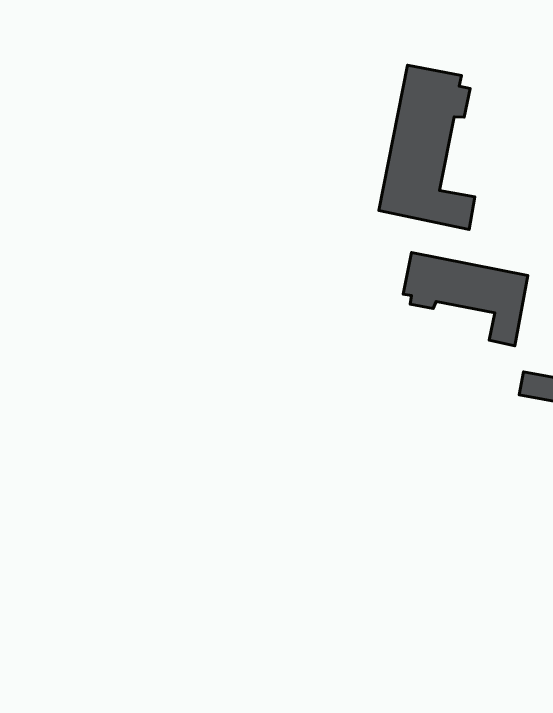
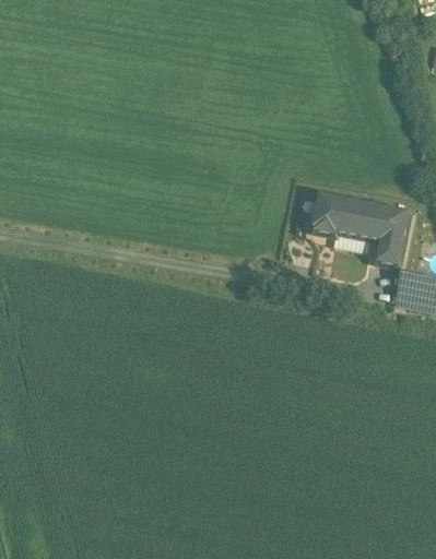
building: [379,65,475,229] -> none

